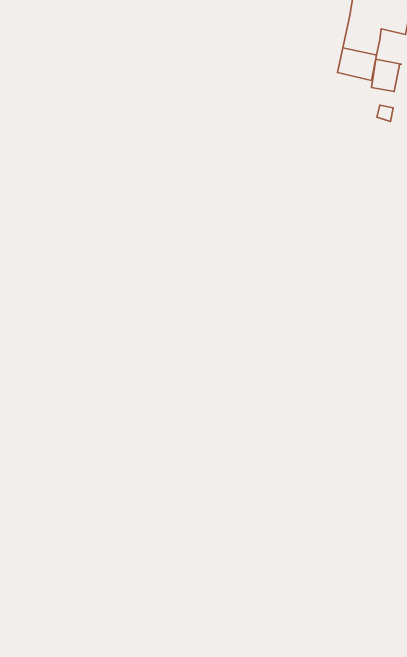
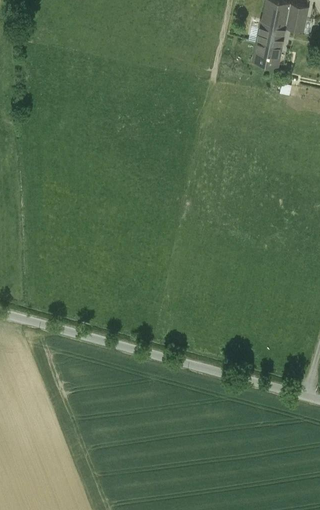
building: [371,59,401,92] -> none

